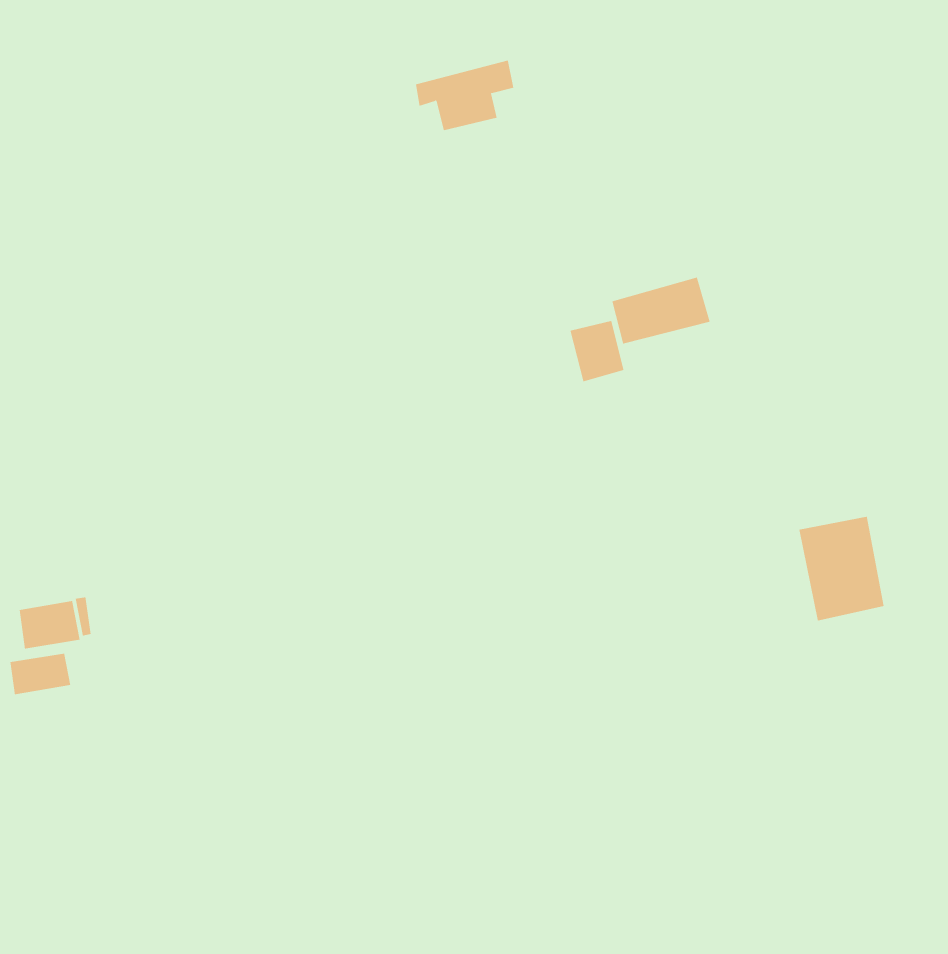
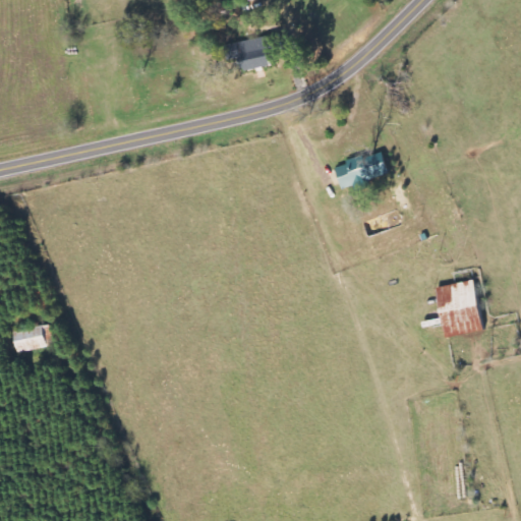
building: [570,320,624,382] -> none
building: [10,653,71,695] -> none

